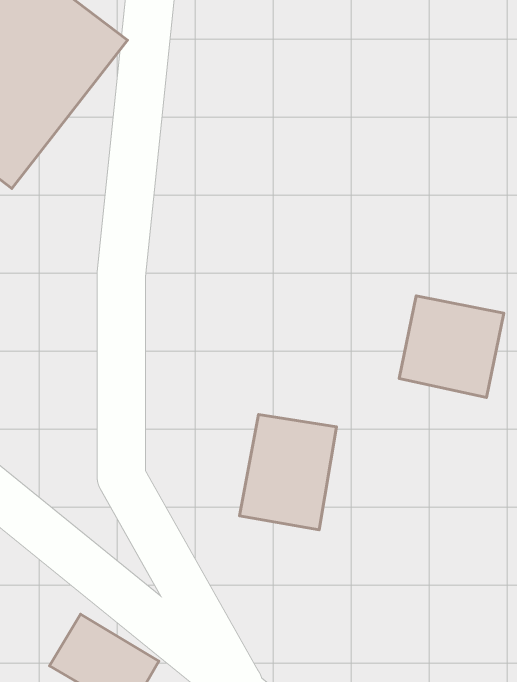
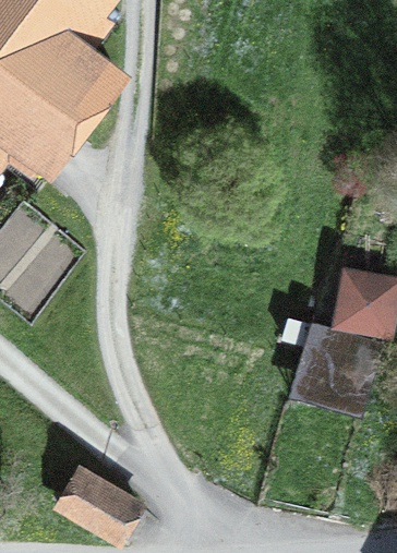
building: [240,414,336,530] -> [308,328,375,409]

